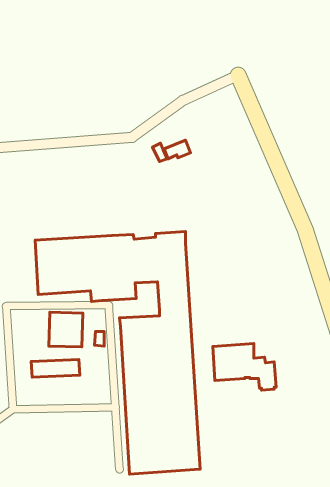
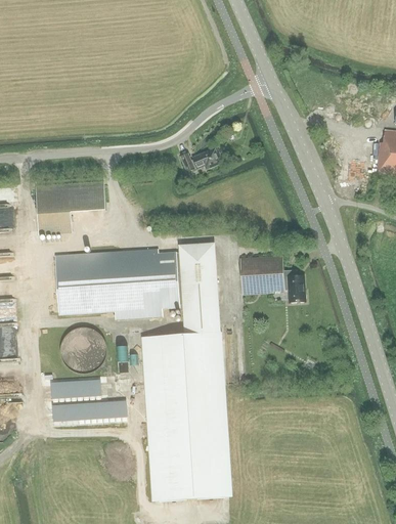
building: none -> [34,183,106,238]
building: [213,343,276,390] -> [239,255,306,304]
building: none -> [52,401,128,421]

